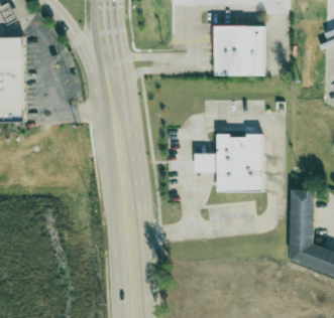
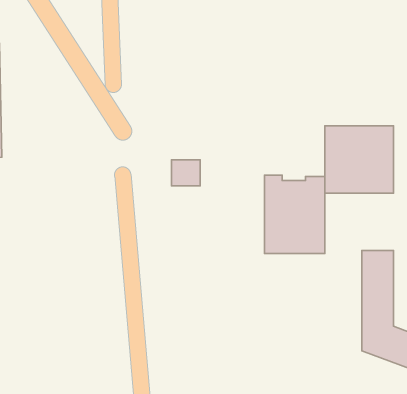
building: [216,24,266,73] -> [325,126,394,193]
building: [197,153,218,172] -> [171,160,200,186]

